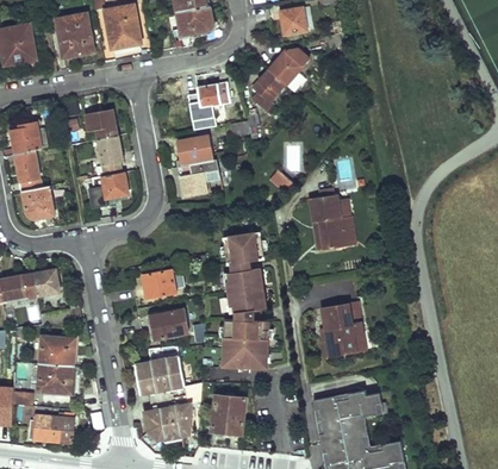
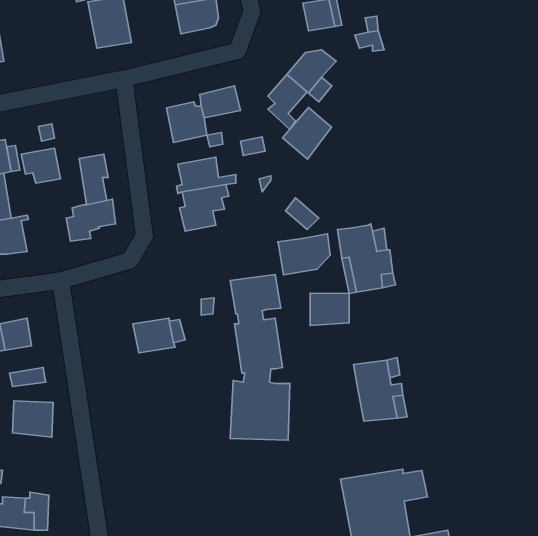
building: [55,13,93,57] -> none
building: none -> [283,108,331,159]
building: [86,110,118,138] -> [21,148,60,183]
building: none -> [278,234,330,275]
building: none -> [310,293,349,326]
building: [150,308,186,339] -> none
building: [136,357,192,440] -> none
building: [41,363,75,393] -> none
building: [212,393,244,432] -> none

